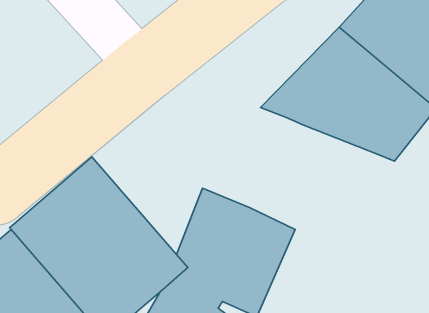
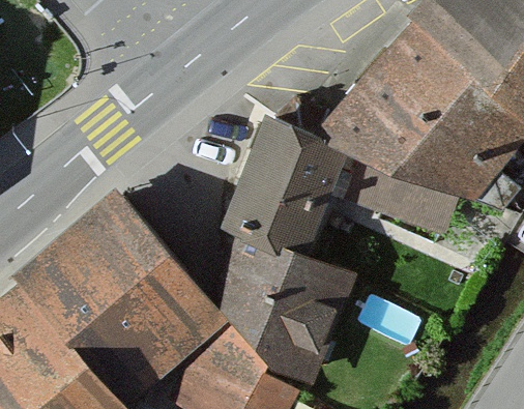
building: none -> [221,109,348,252]
building: none -> [348,152,459,235]

